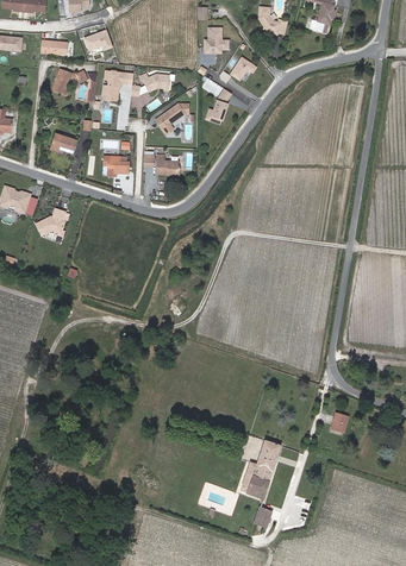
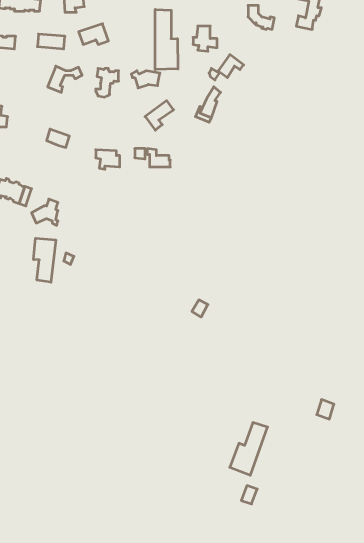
building: none -> [155,9,178,70]
building: none -> [34,238,56,282]

